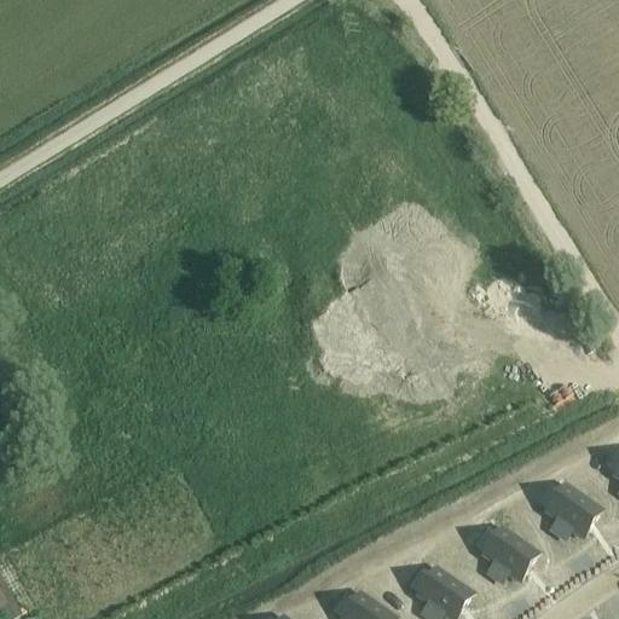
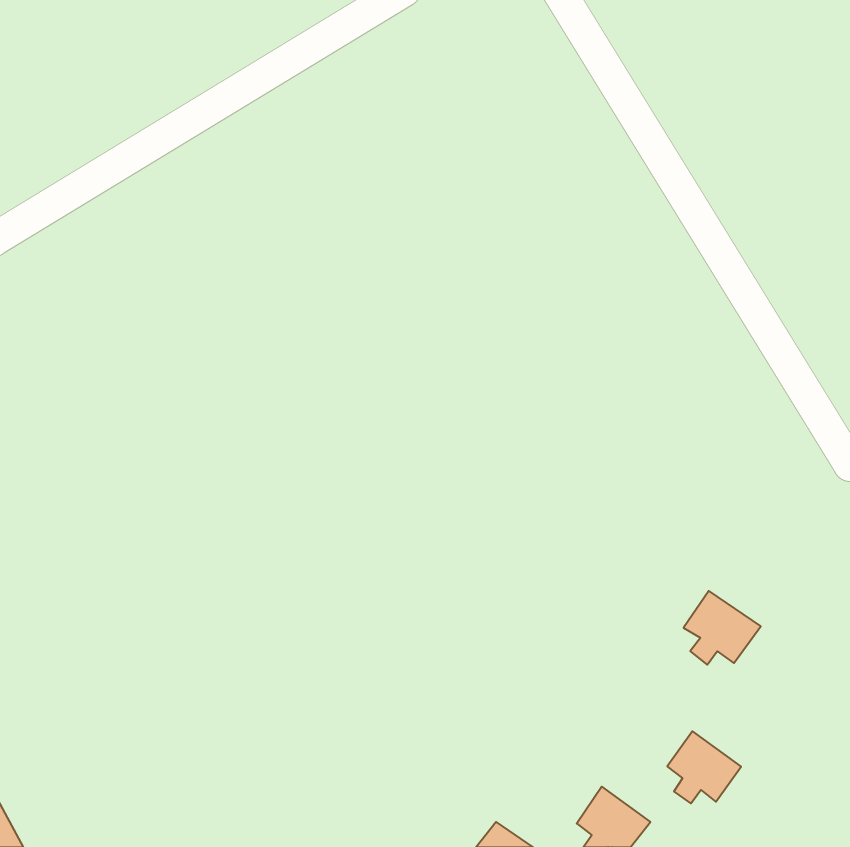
building: [544,484,600,537] -> [684,591,761,665]

